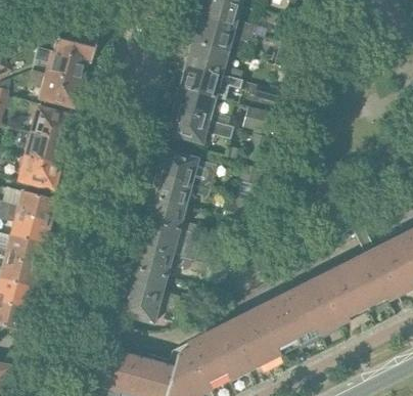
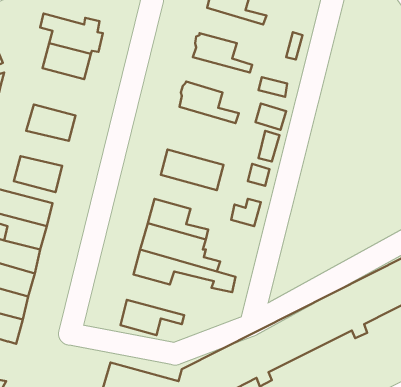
building: [193,17,253,50] -> none
building: [180,63,243,99] -> none
building: [41,74,86,107] -> none
building: [168,109,233,142] -> none
building: [27,132,72,165] -> none
building: [151,173,210,205] -> none
building: [126,266,181,304] -> none

